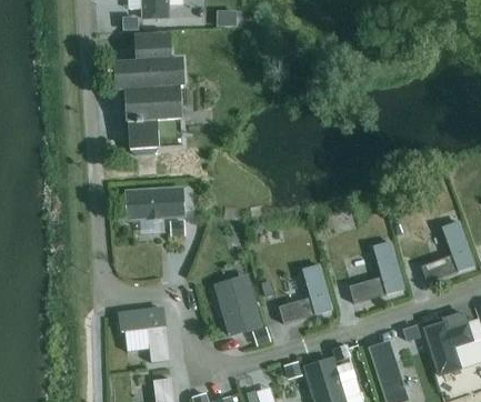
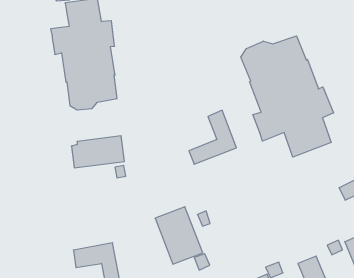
building: none -> [241,36,334,157]
building: [348,241,403,302] -> none
building: [278,264,331,322] -> [189,110,236,164]

